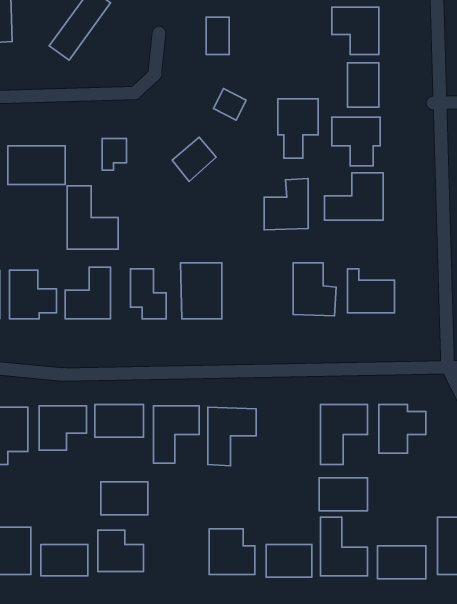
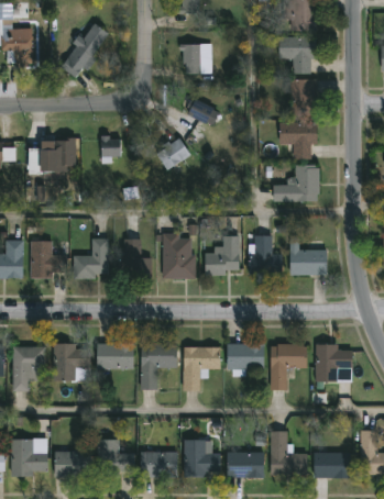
building: [278,99,318,158] -> none
building: [264,178,308,230] -> [206,234,240,274]
building: [67,186,118,249] -> none
building: [319,478,368,511] -> [228,343,265,368]
building: [101,482,148,515] -> [141,451,177,476]

